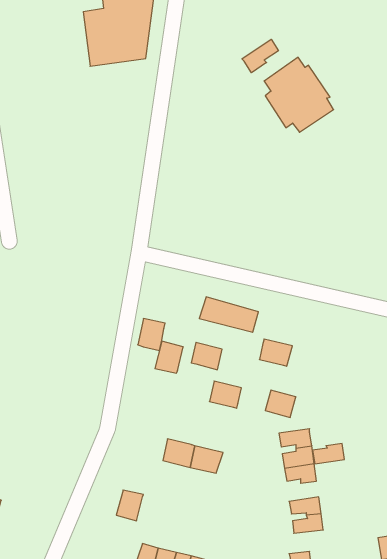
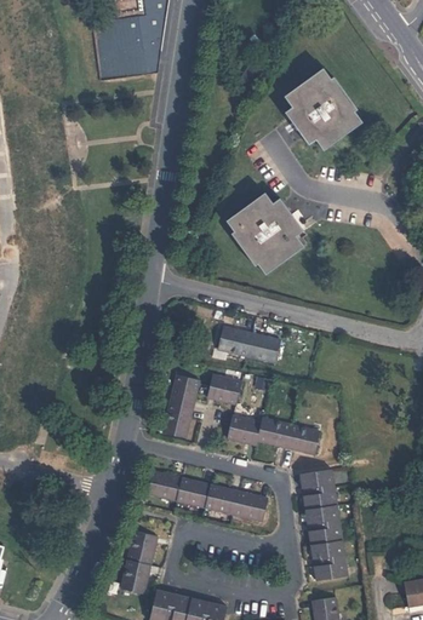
building: [242,39,278,73] -> none
building: none -> [225,193,302,275]
building: [138,319,165,350] -> [162,402,192,436]
building: [259,339,292,366] -> [257,418,292,447]
building: none -> [148,471,182,500]
building: [312,444,344,464] -> [309,522,343,544]
building: none -> [234,492,268,521]
building: none -> [120,558,149,593]

